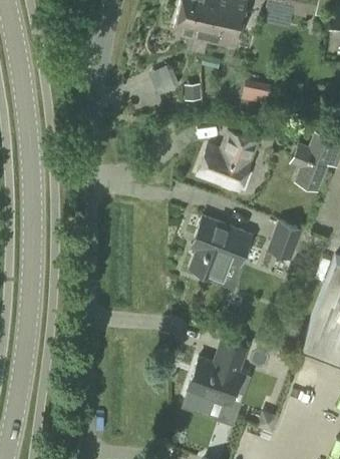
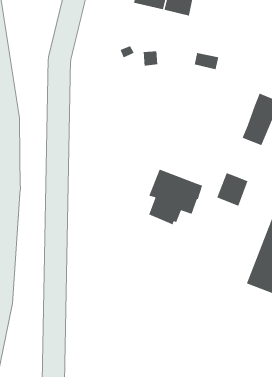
building: [199,133,258,191] -> none
building: [190,343,247,408] -> none

